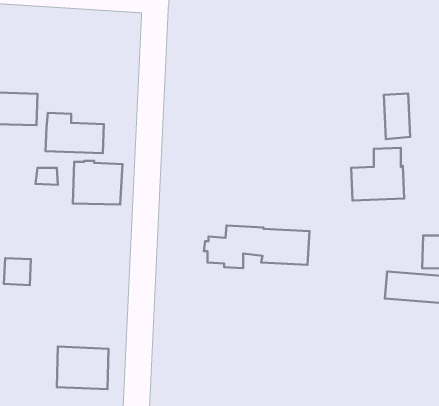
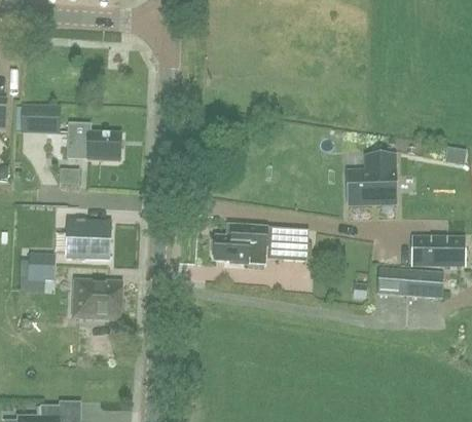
building: [384,93,410,139] -> none
building: [73,161,122,205] -> [66,219,111,259]
building: [57,346,108,389] -> [74,279,121,318]

